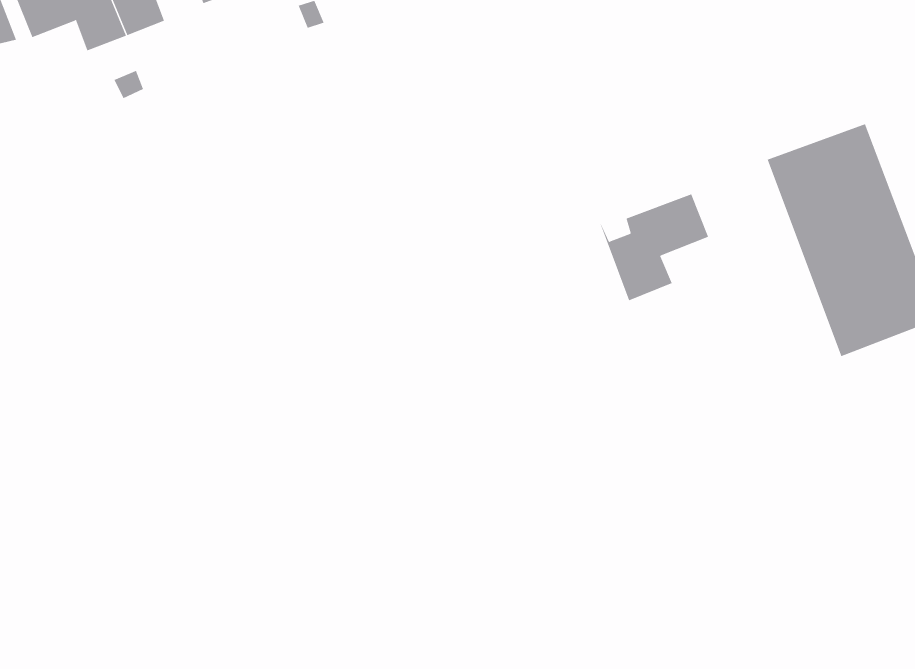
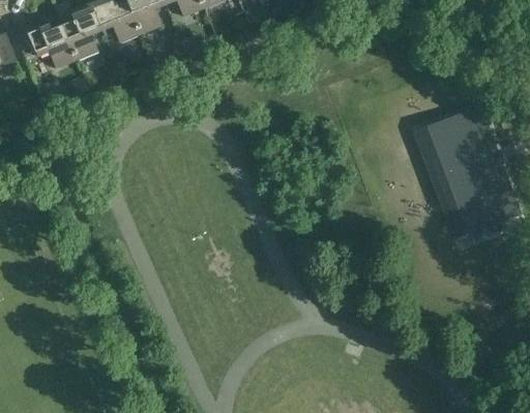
building: [594,194,709,301] -> none

